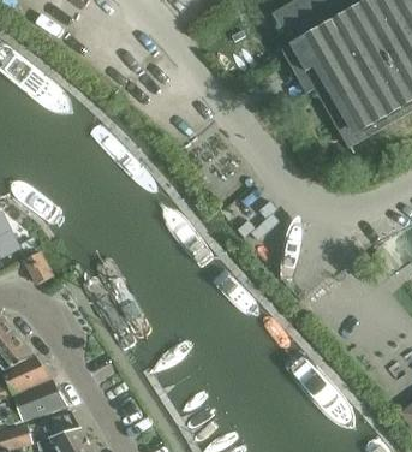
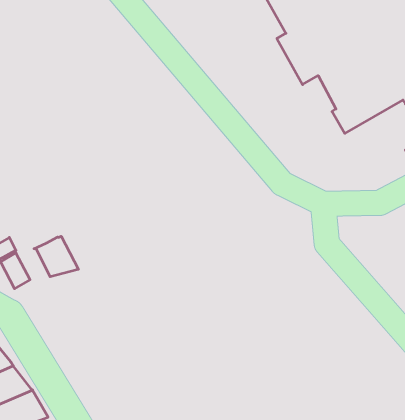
building: none -> [34,236,78,277]

